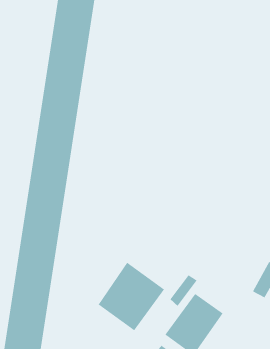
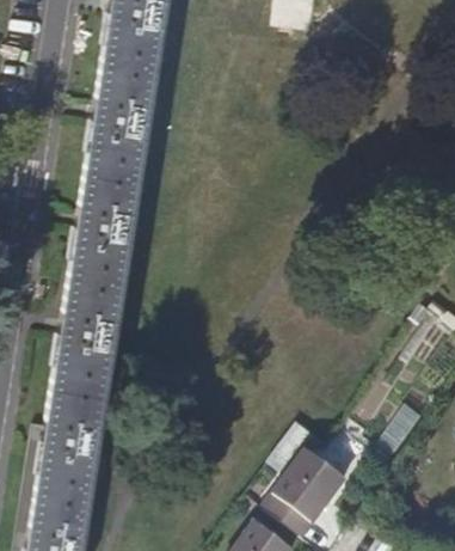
building: [98,262,165,331] -> none

